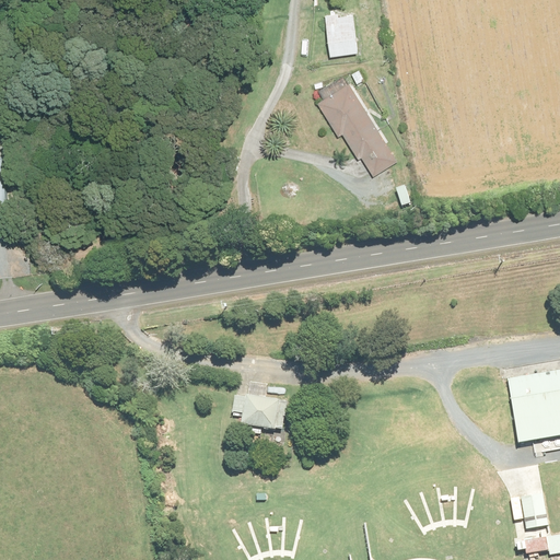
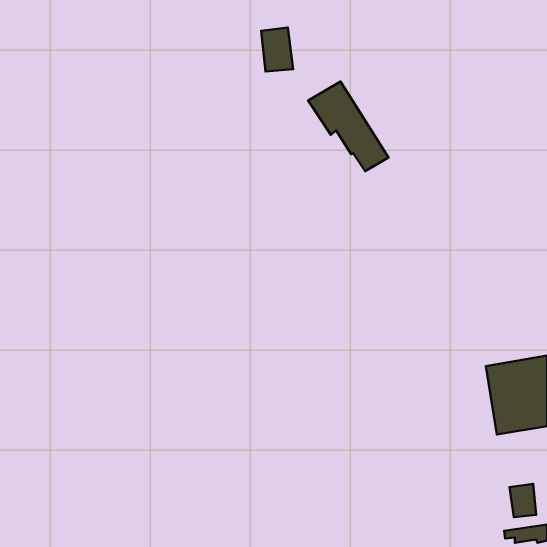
building: [326,12,359,57] -> [261,28,293,71]
building: [233,384,287,435] -> none

